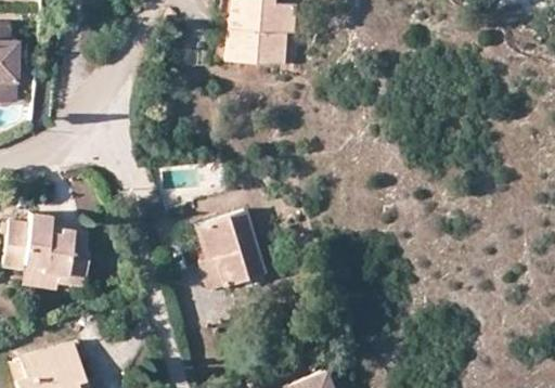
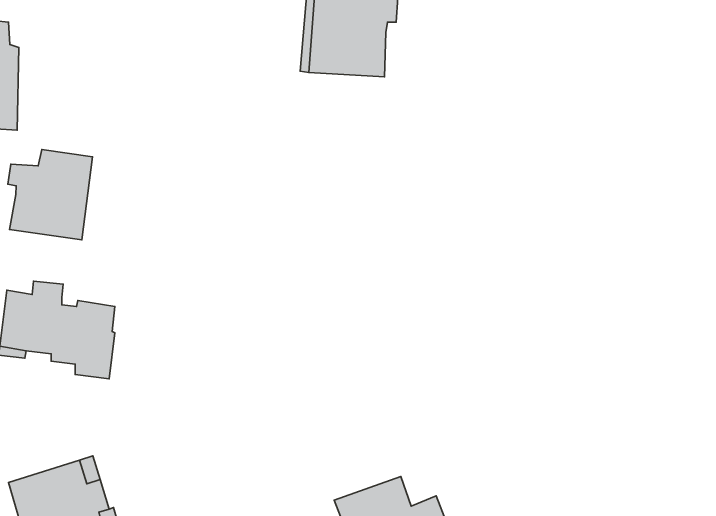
building: none -> [8,150,93,240]
building: [197,214,262,289] -> none

